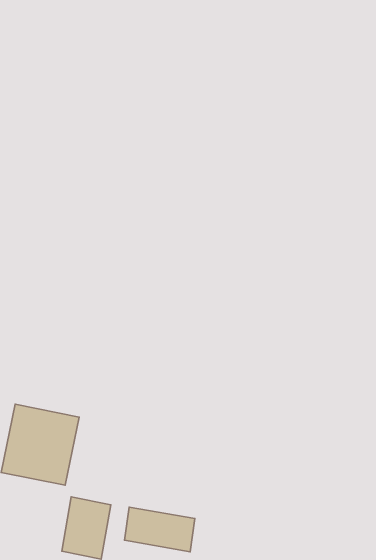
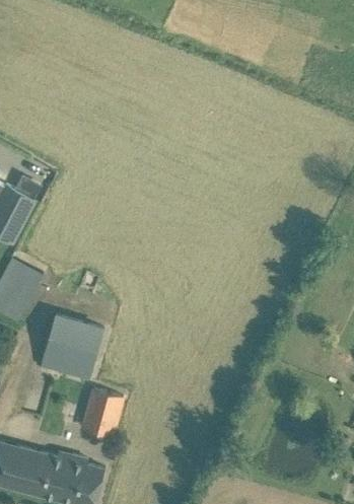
building: [124,507,195,552] -> none

